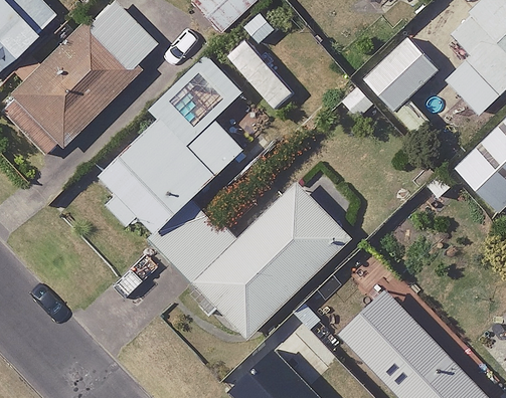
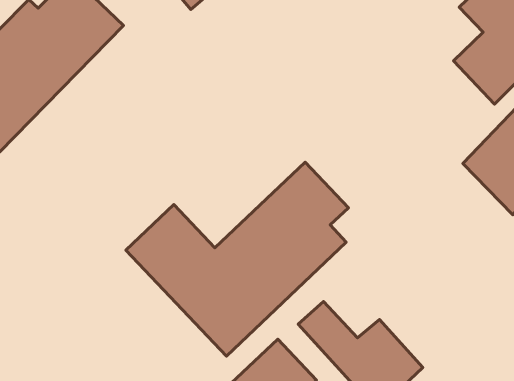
building: [366,35,442,134] -> none
building: [101,93,244,236] -> none

